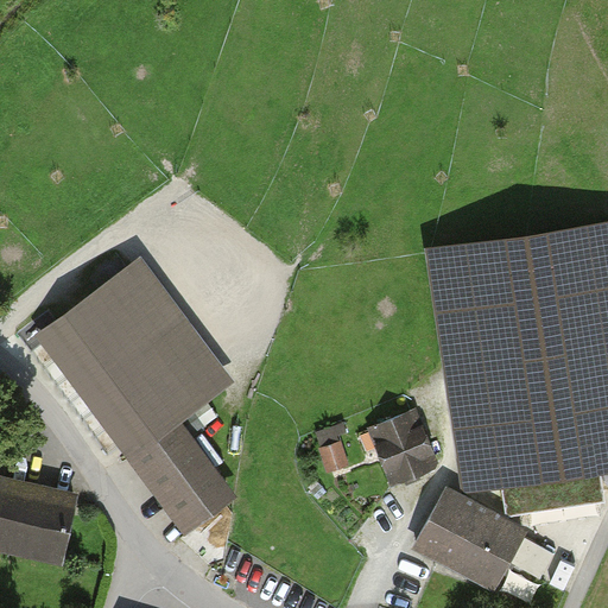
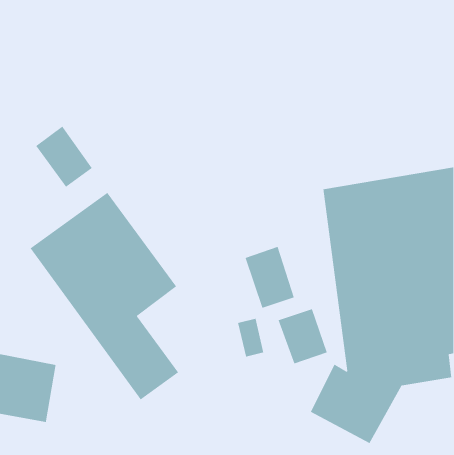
building: none -> [35,125,93,188]
building: none -> [245,246,295,309]

